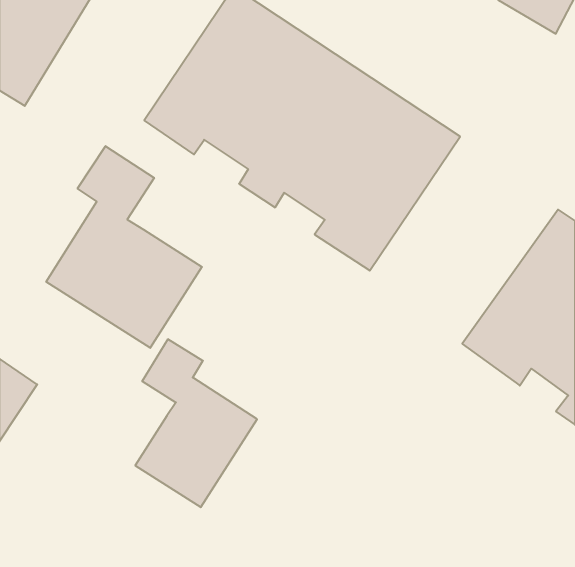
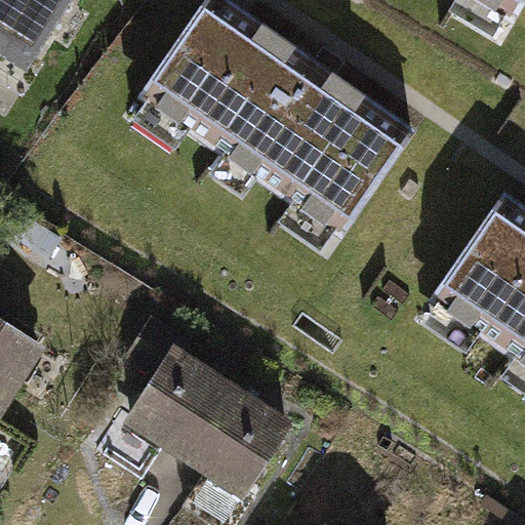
building: [46,146,202,348] -> none
building: none -> [183,381,292,498]

